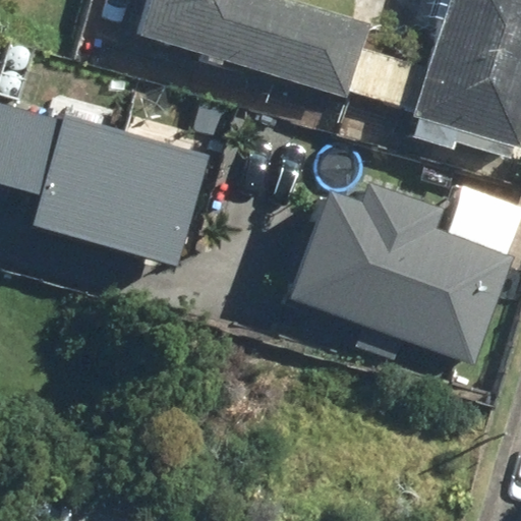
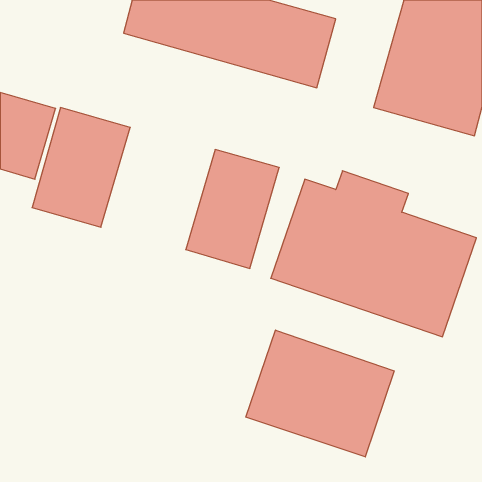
building: [109,137,210,266] -> [186,150,279,268]
building: none -> [246,330,394,457]

